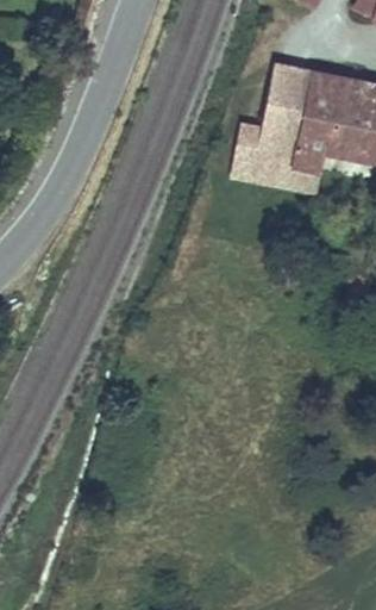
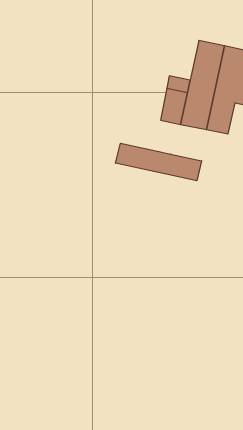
building: none -> [116,143,202,181]

